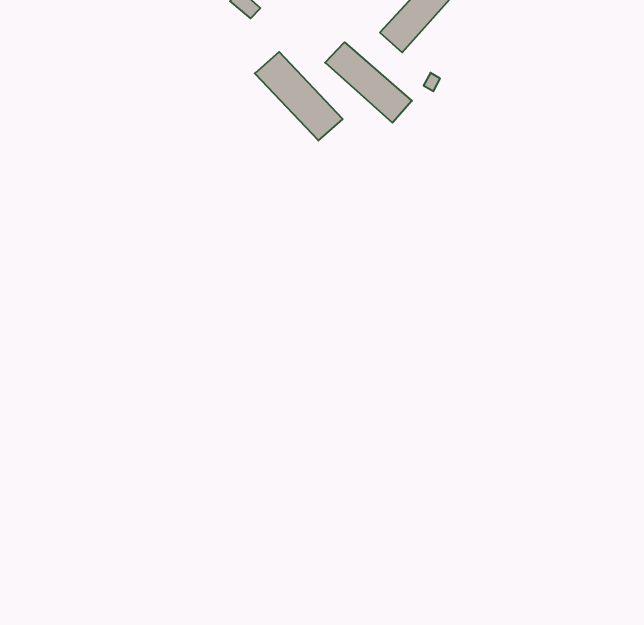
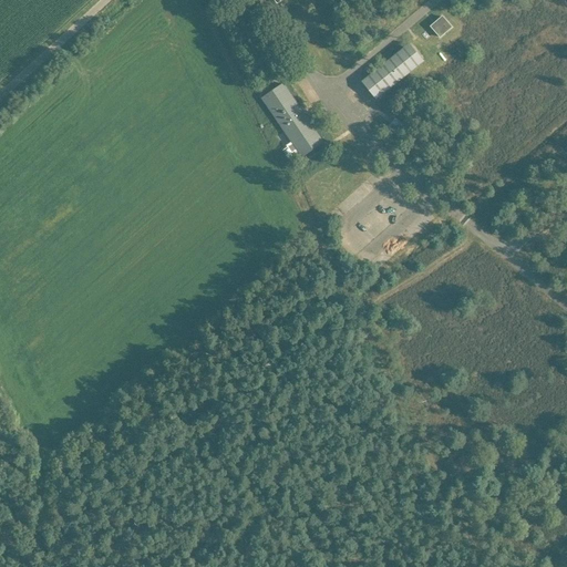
building: [325,42,412,123] -> none

